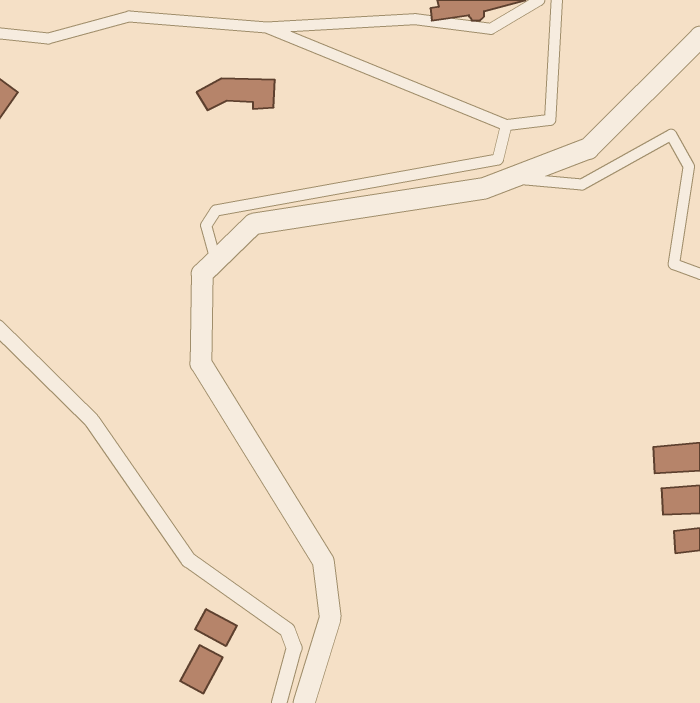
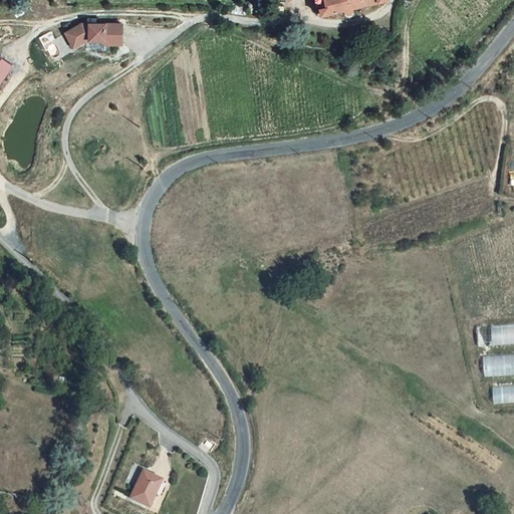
building: [197,79,275,110] -> [65,23,122,46]
building: [195,609,237,646] -> none

